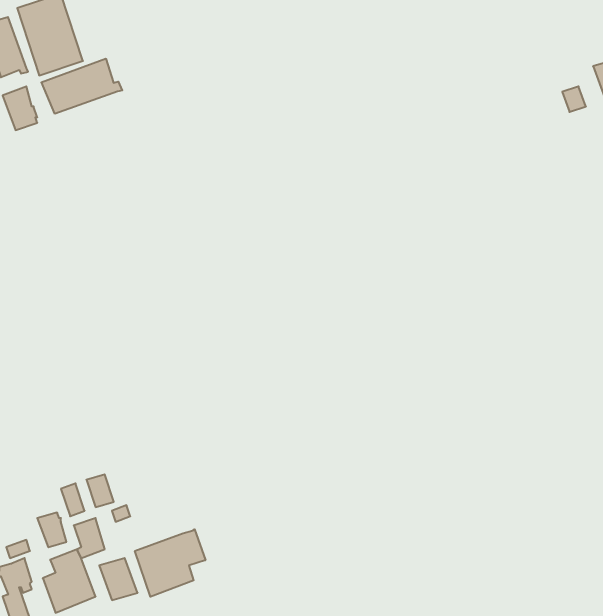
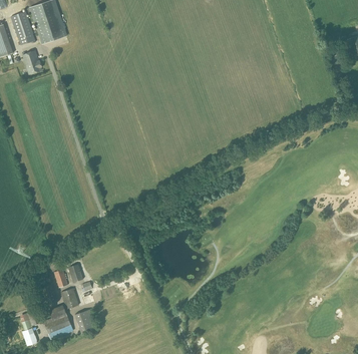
building: [41,59,122,114] -> none
building: [135,529,205,597] -> none

